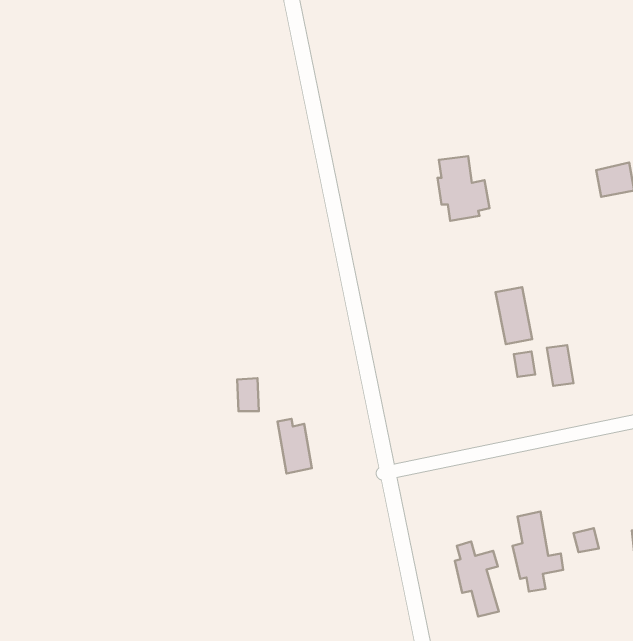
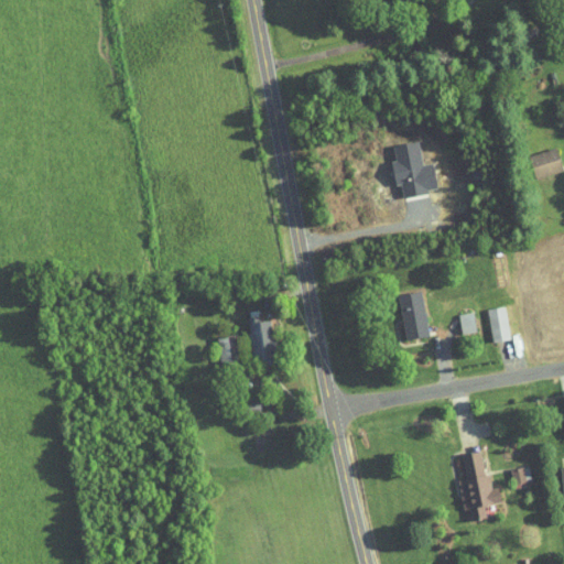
building: [496,287,532,344] -> [399,291,431,340]
building: [277,419,312,473] -> [248,315,278,362]
building: [455,541,499,616] -> none

